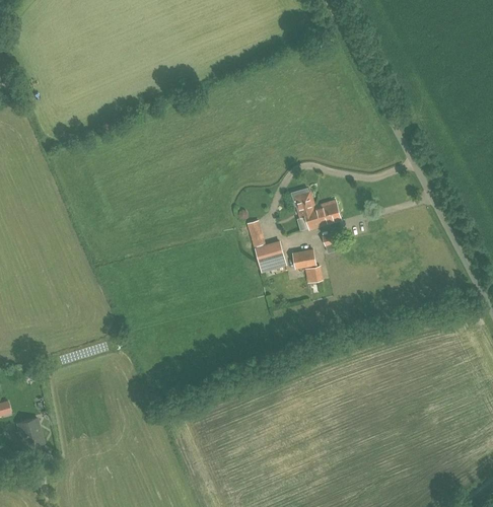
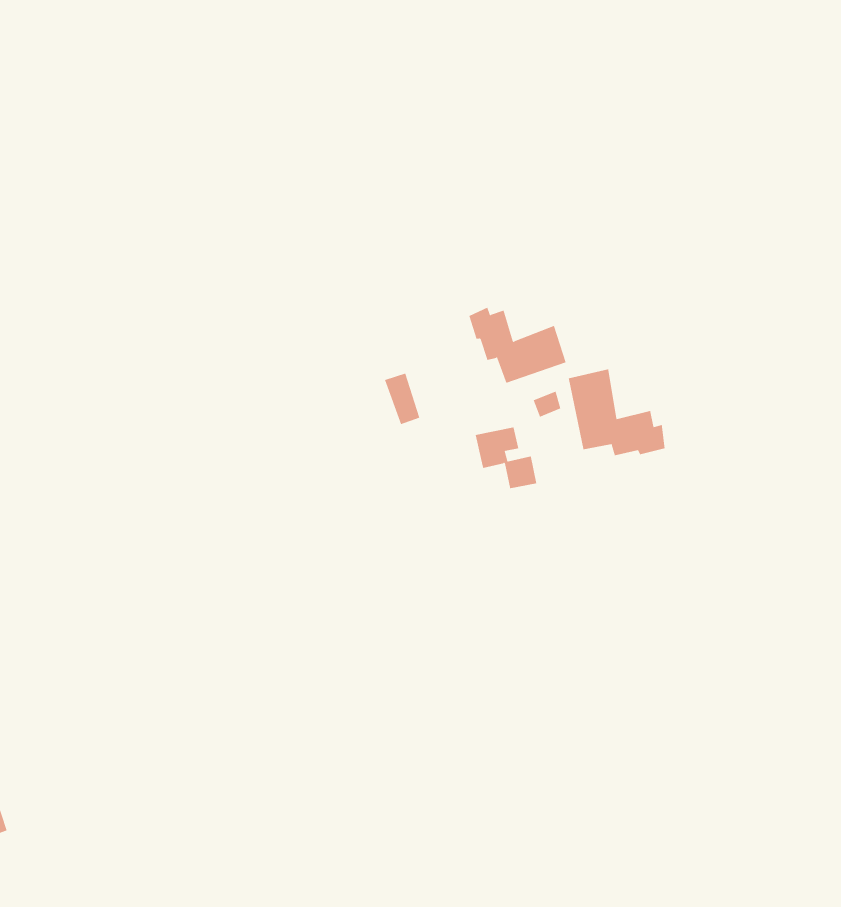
building: none -> [568,368,665,456]
building: [256,241,284,263] -> none

